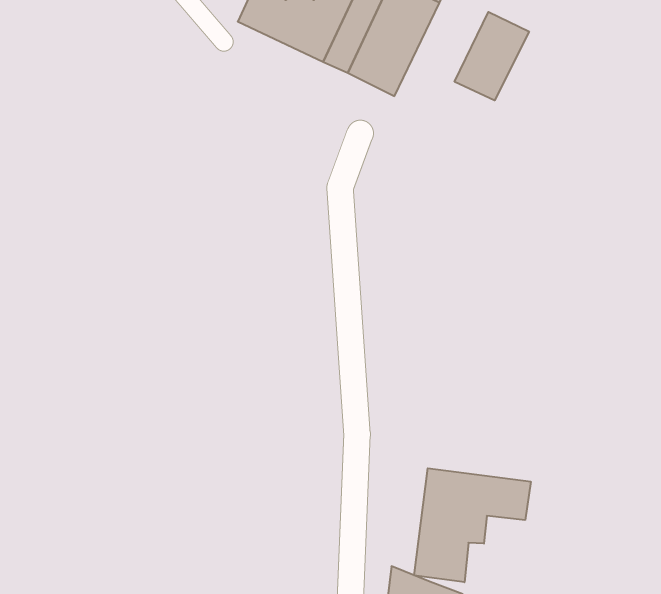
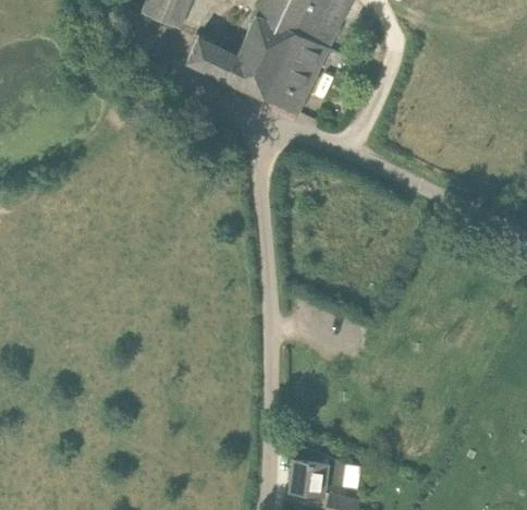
building: [455,12,529,100] -> none
building: [414,468,531,582] -> none

